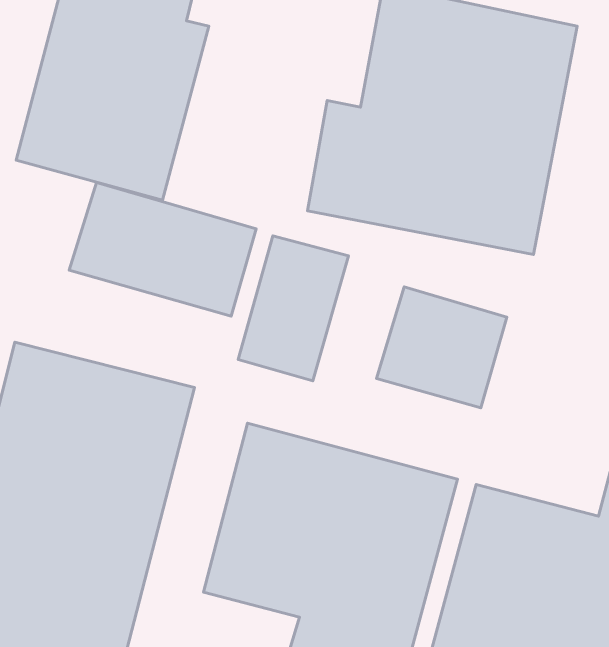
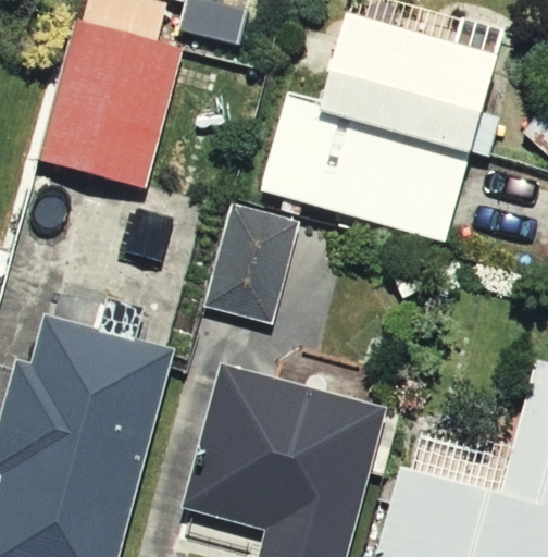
building: [69,182,256,316] -> none
building: [377,287,507,408] -> none

